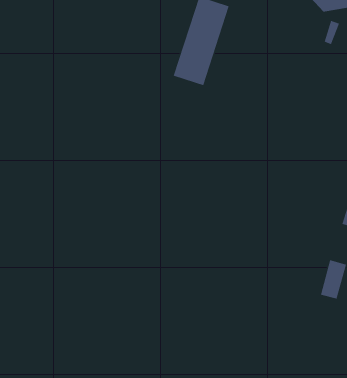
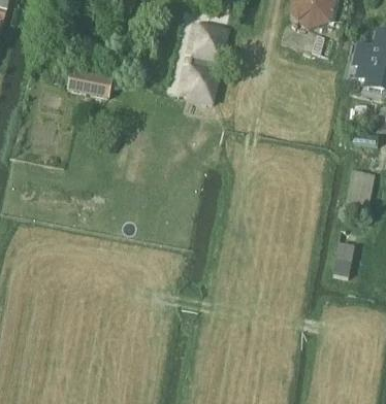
building: none -> [68,67,114,100]

